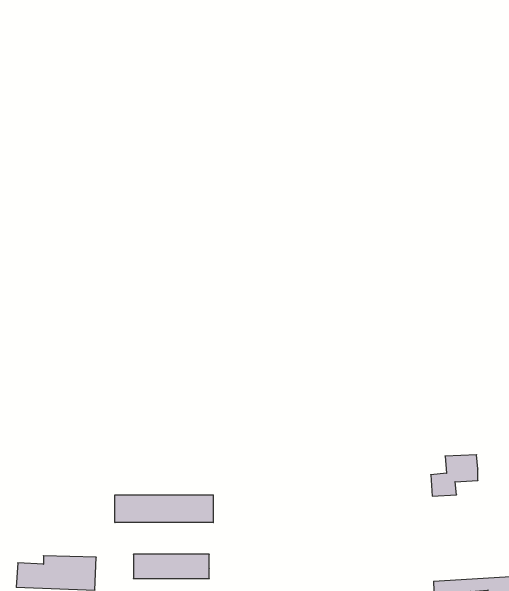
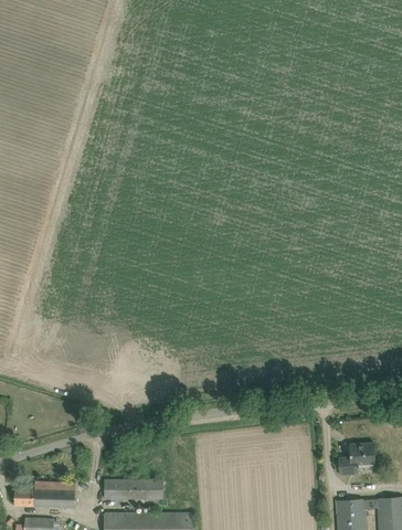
building: [431,455,478,496] -> [338,443,374,475]
building: [115,495,213,523] -> none

